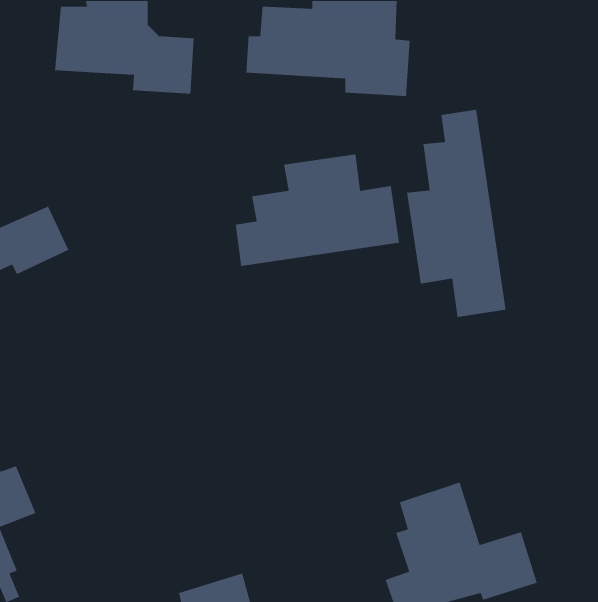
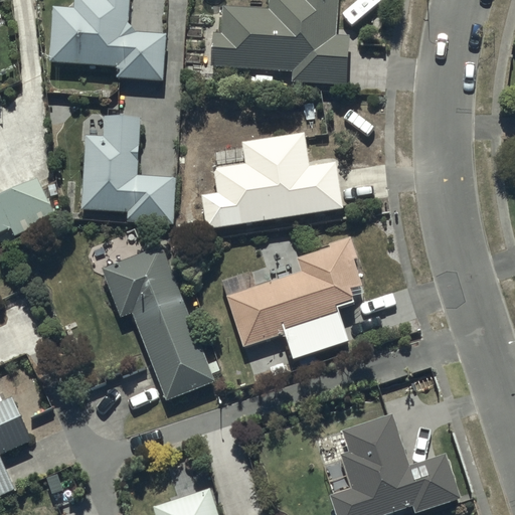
building: [406,109,507,318] -> none
building: none -> [80,116,174,222]
building: none -> [220,238,360,359]
building: none -> [102,244,214,399]

